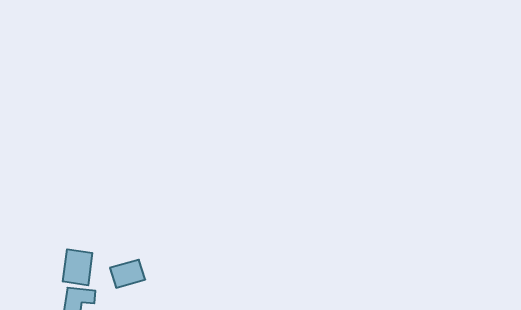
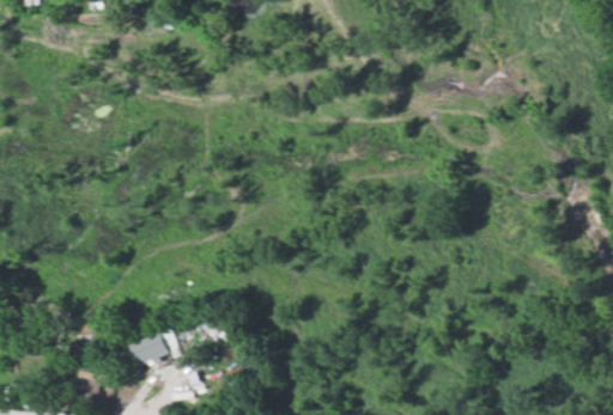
building: [63,249,92,285] -> none

